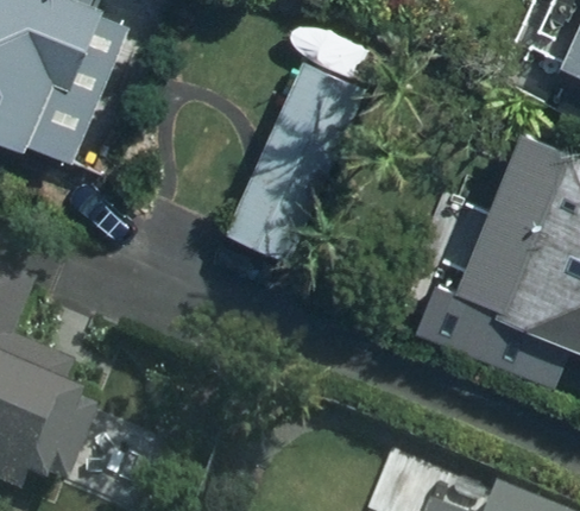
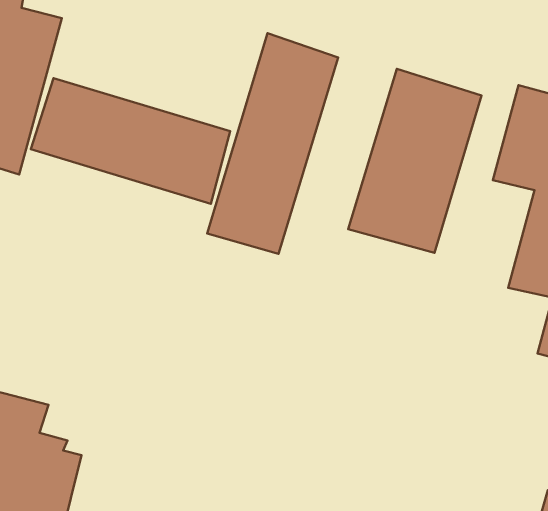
building: none -> [31,78,230,204]
building: none -> [348,69,482,253]

